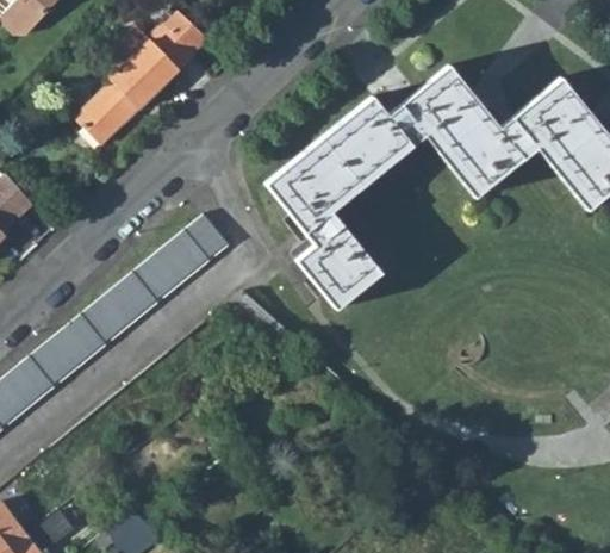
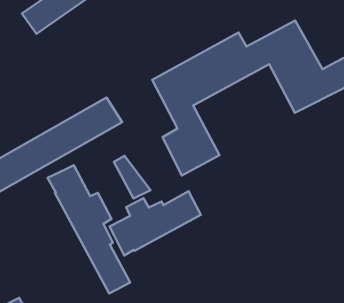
building: none -> [48,165,130,293]
building: none -> [110,191,201,255]

